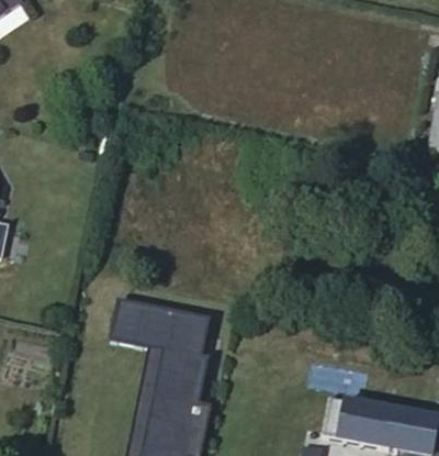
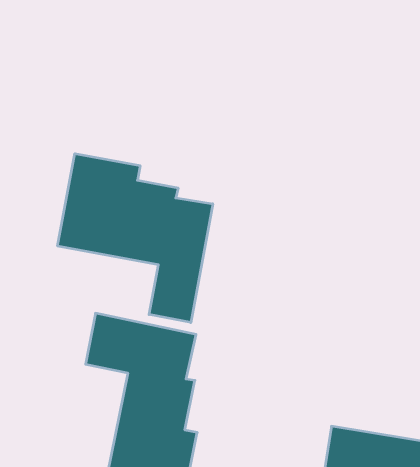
building: none -> [58,154,213,323]

